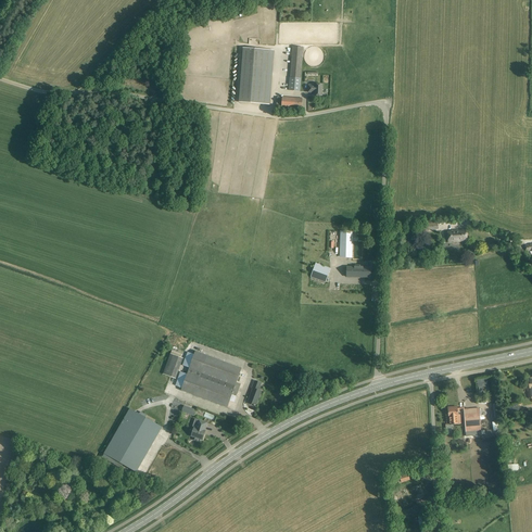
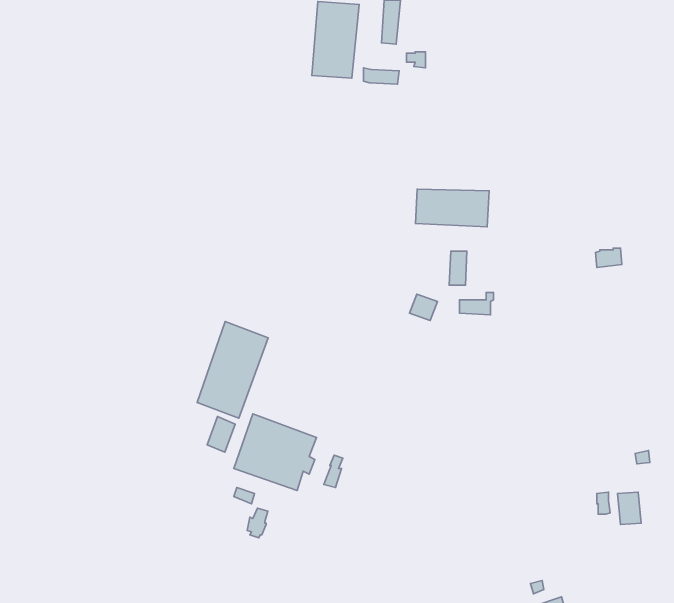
building: none -> [416,189,489,227]
building: none -> [197,321,268,418]
building: [104,407,162,471] -> none

